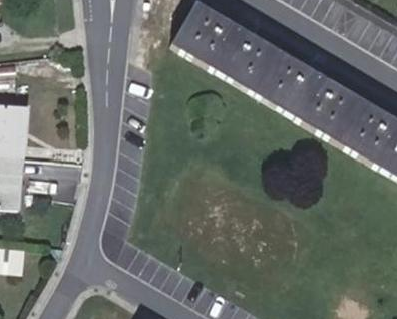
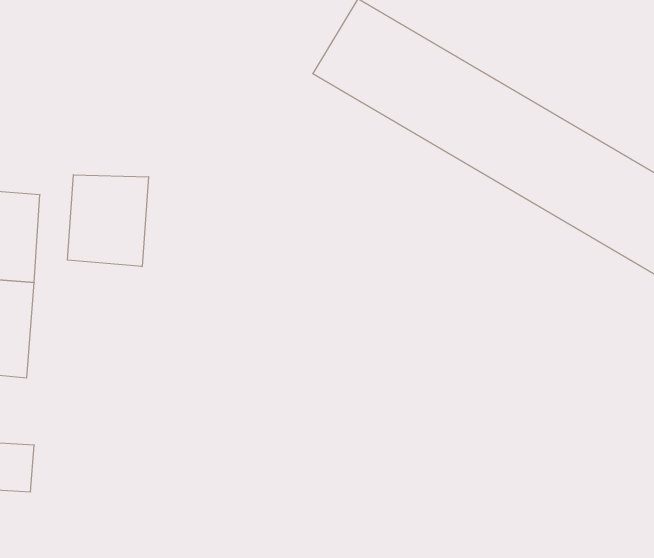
building: none -> [67,175,149,267]

